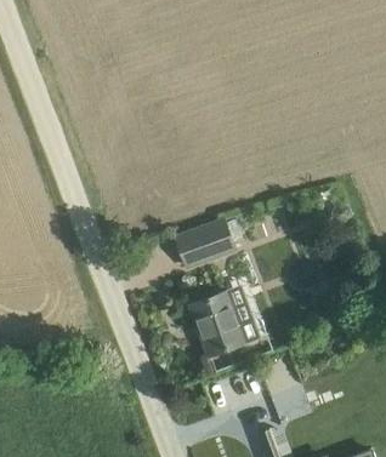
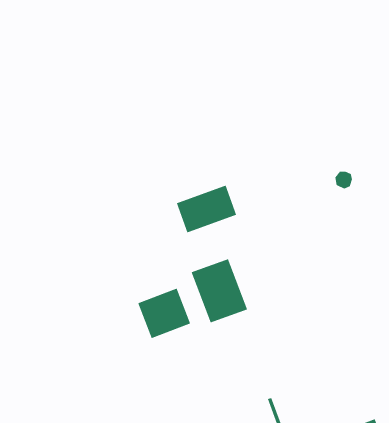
building: none -> [137,288,191,339]

